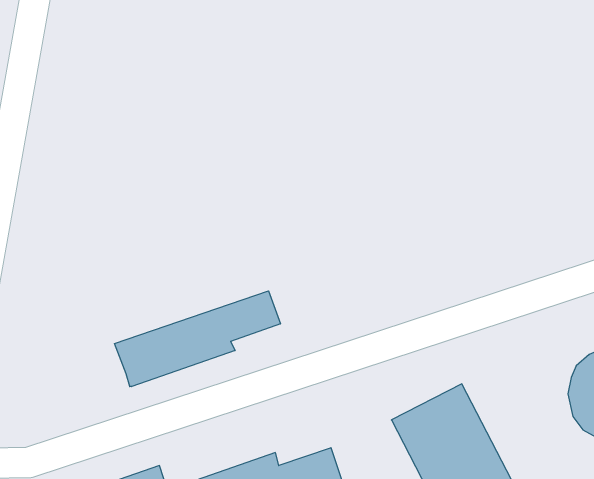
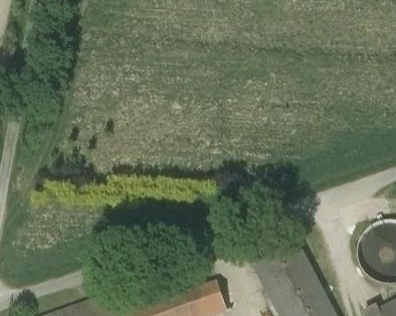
building: [114,291,280,387] -> none

